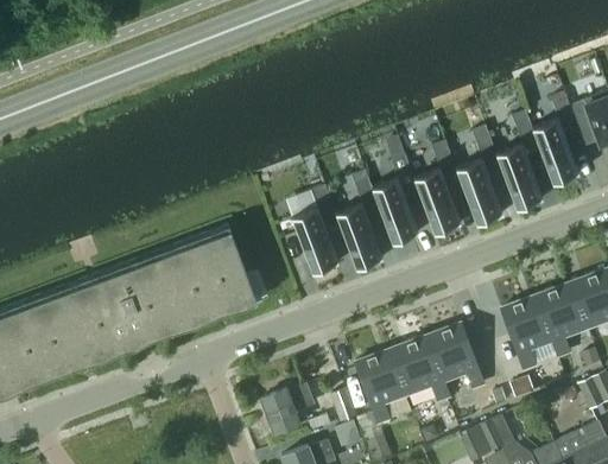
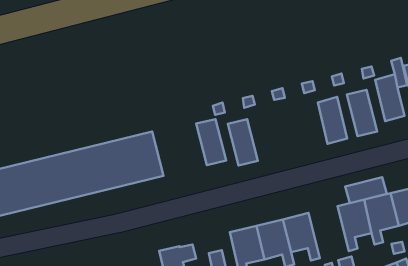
building: [413,169,461,234] -> none
building: [372,178,418,243] -> none
building: none -> [345,177,387,203]

